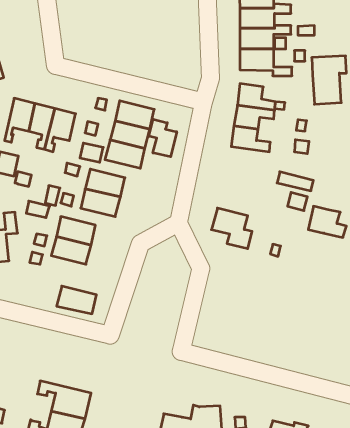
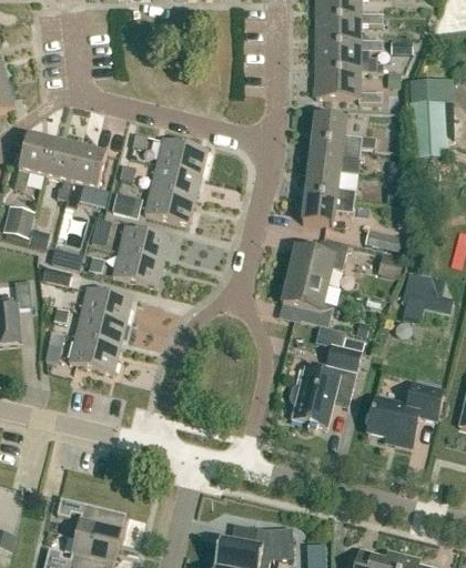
building: [149,119,177,157] -> none
building: none -> [302,196,354,227]
building: none -> [287,241,346,285]
building: none -> [287,335,362,428]
building: [57,286,96,314] -> [68,336,119,372]
building: none -> [365,384,443,449]

